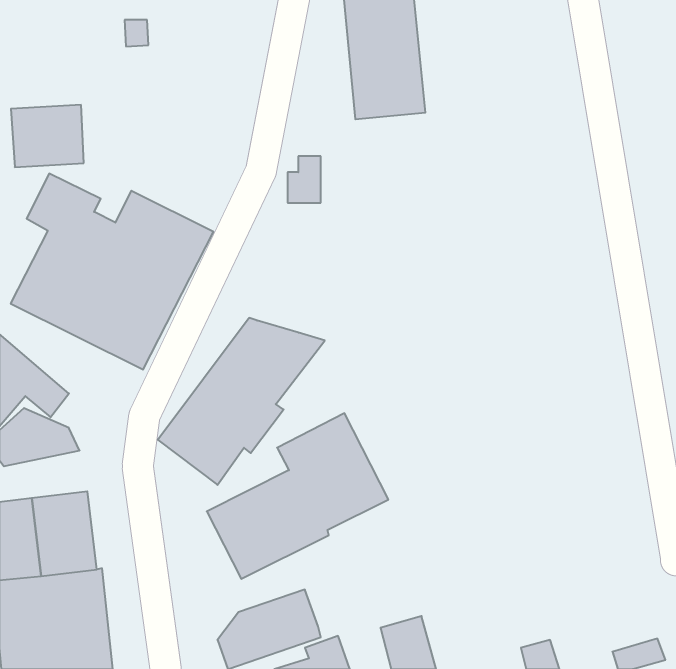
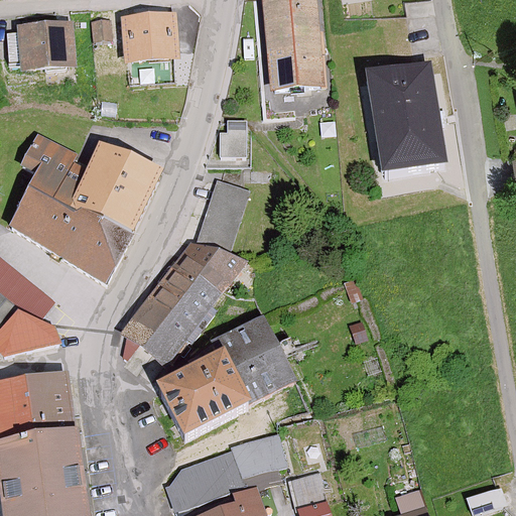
building: none -> [121,15,177,64]
building: none -> [367,64,444,175]
building: [11,105,84,167] -> [18,23,74,71]
building: none -> [196,176,248,253]
building: none -> [231,429,287,477]

